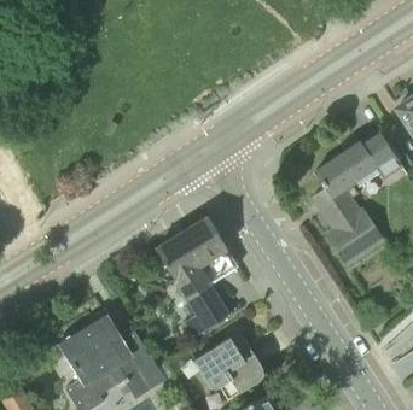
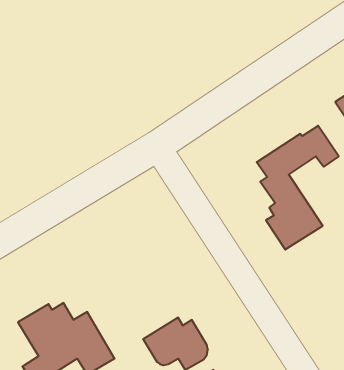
building: [156,217,237,339] -> none

